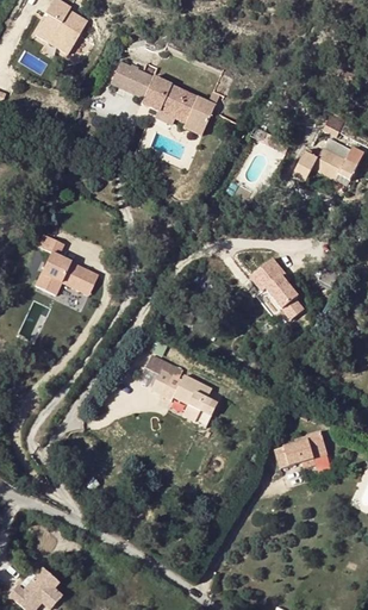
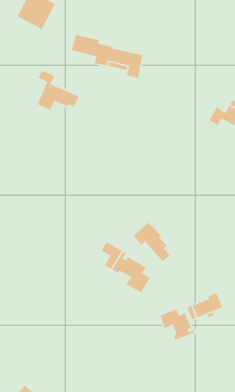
building: [31,236,93,295] -> [37,70,79,111]
building: [250,260,305,318] -> [133,222,171,262]
building: none -> [159,309,196,341]

